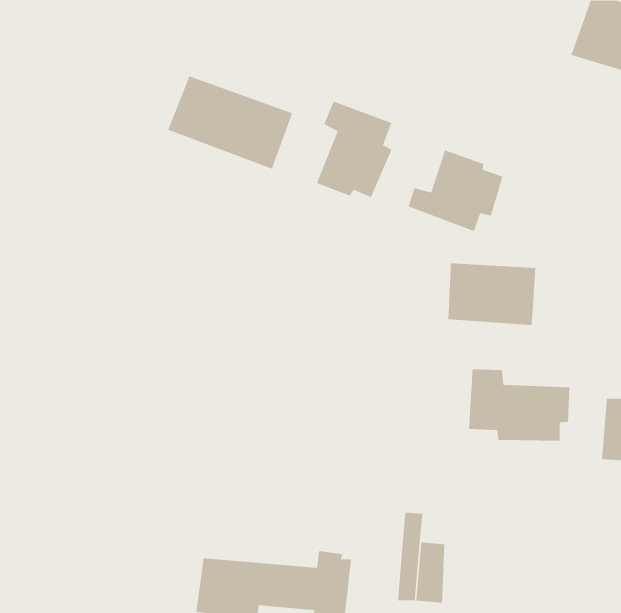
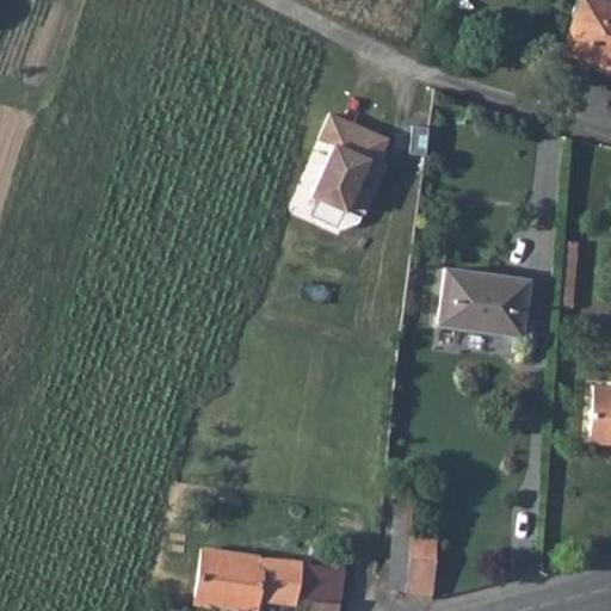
building: [167,76,293,170] -> none
building: [408,149,503,232] -> none
building: [469,369,570,441] -> none

